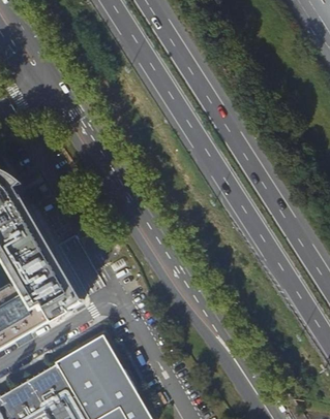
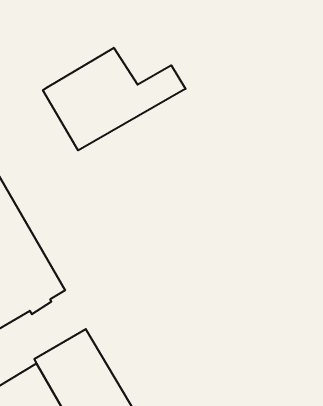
building: none -> [43,48,186,150]

